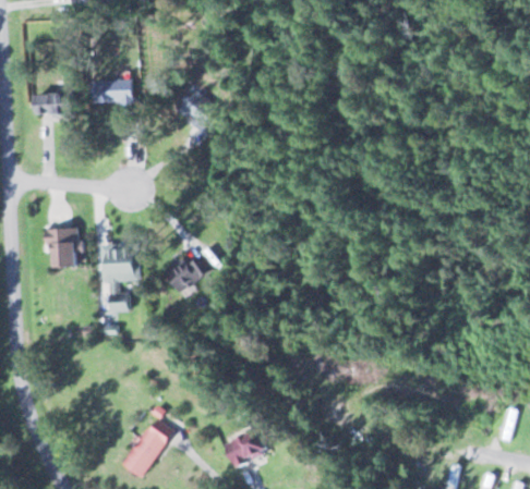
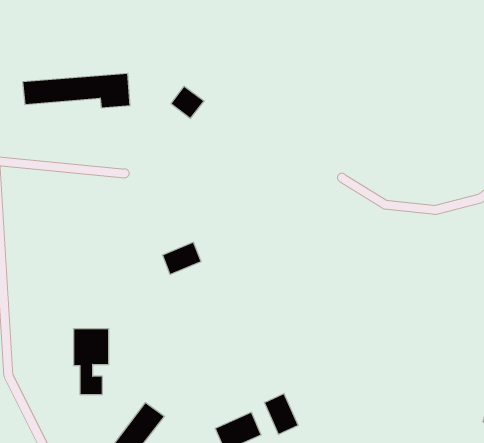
building: [48,228,79,267] -> none
building: [101,244,137,310] -> [73,329,109,395]
building: none -> [264,393,298,435]

